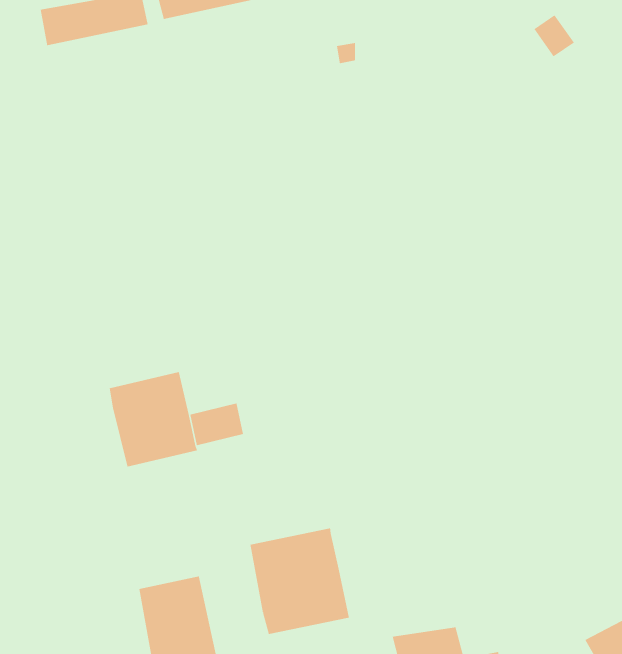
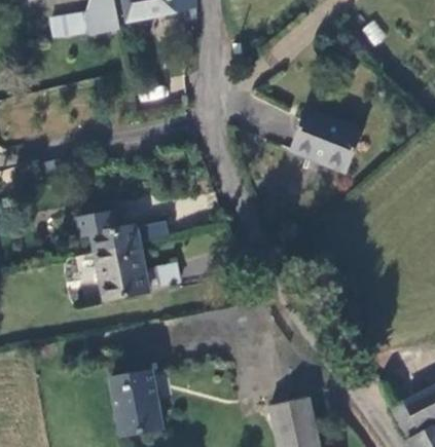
building: none -> [288,111,361,175]
building: none -> [73,209,137,253]
building: [250,528,349,635] -> none

